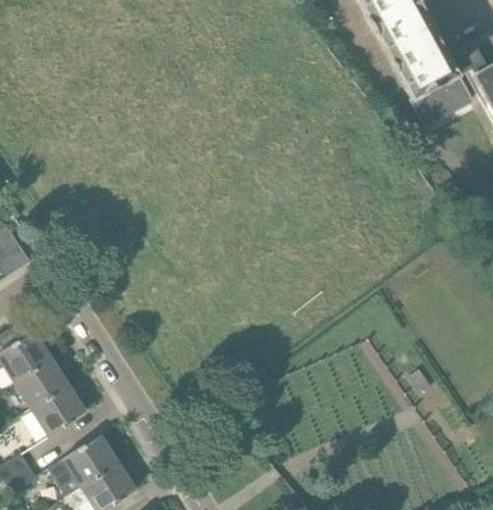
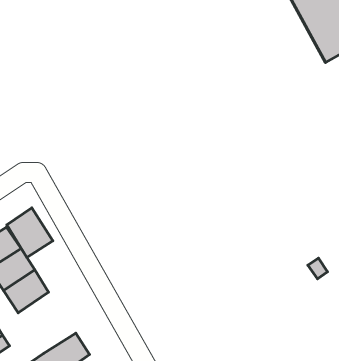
building: none -> [7,208,53,257]
building: [60,434,118,486] -> none

